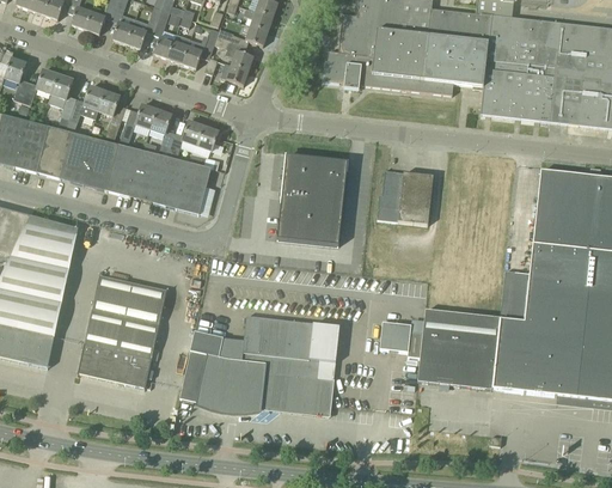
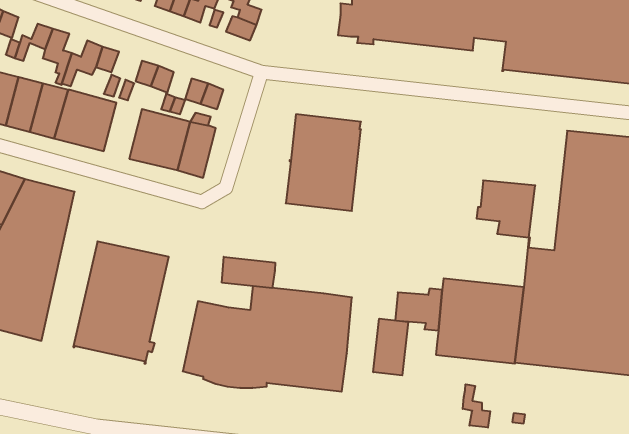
building: [105,144,141,196] -> none
building: [378,170,433,224] -> [477,180,535,238]
building: none -> [222,257,275,288]
building: none -> [373,319,408,375]
building: none -> [463,384,490,428]

